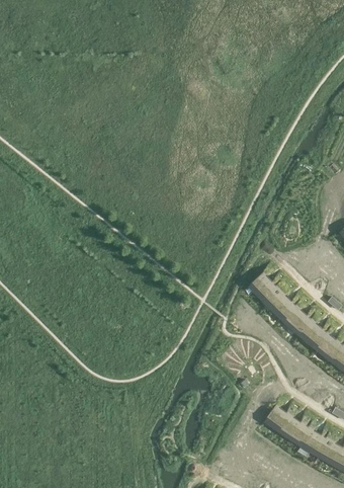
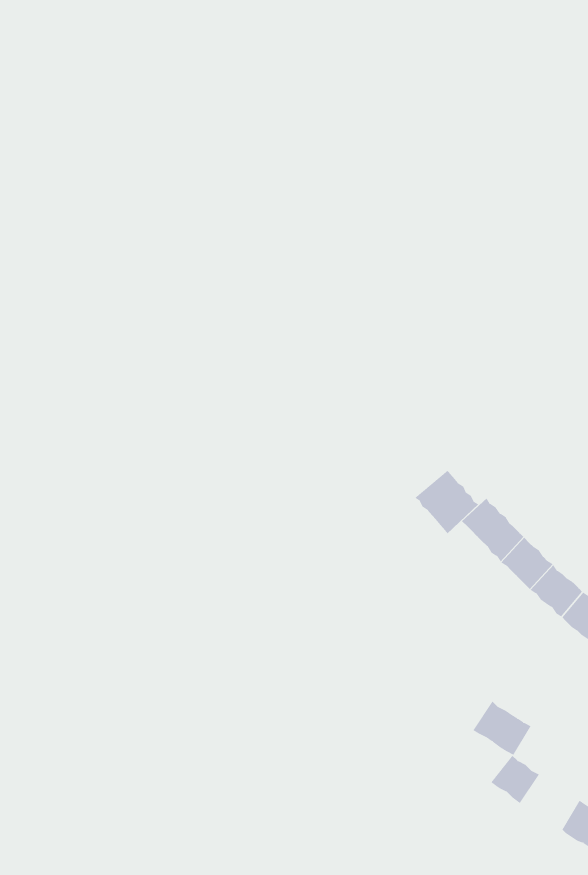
building: none -> [414,470,479,534]
building: [279,417,310,445] -> [473,701,532,756]

